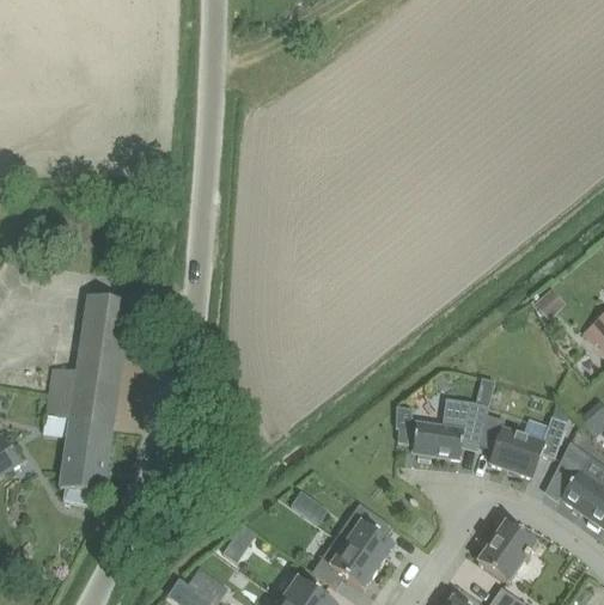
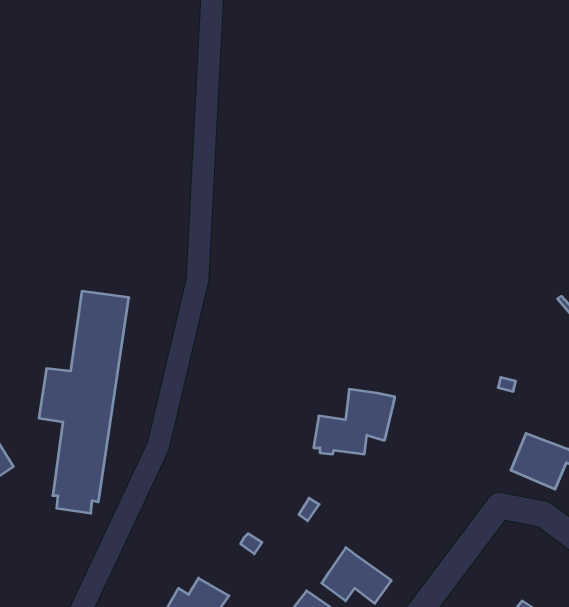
building: [411,398,488,459] -> [314,389,395,454]
building: [335,503,393,568] -> none
building: [477,522,532,583] -> none

